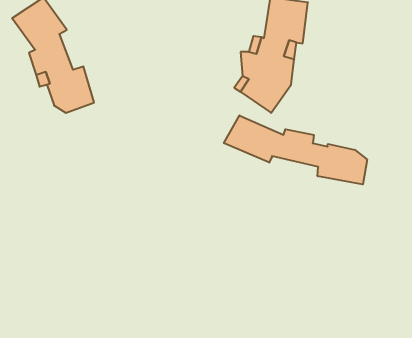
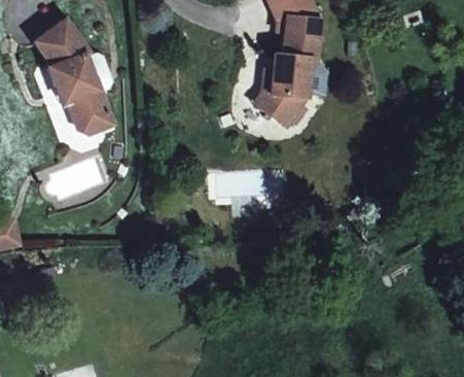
building: [224,115,367,184] -> none

